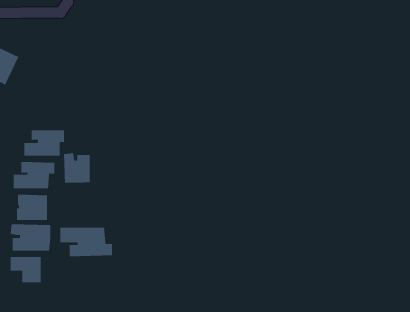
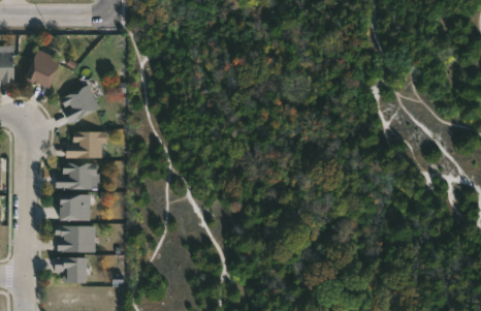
building: none -> [60,86,100,124]
building: [63,153,90,184] -> none
building: [60,227,113,257] -> none

